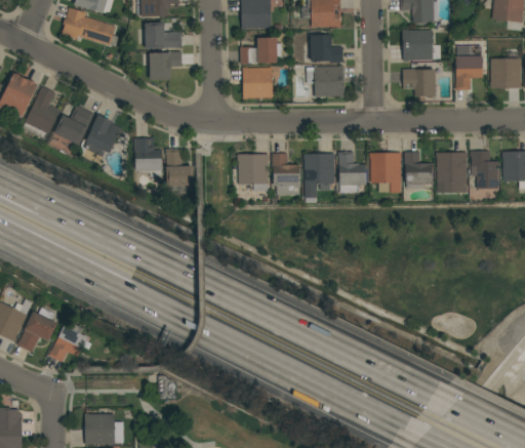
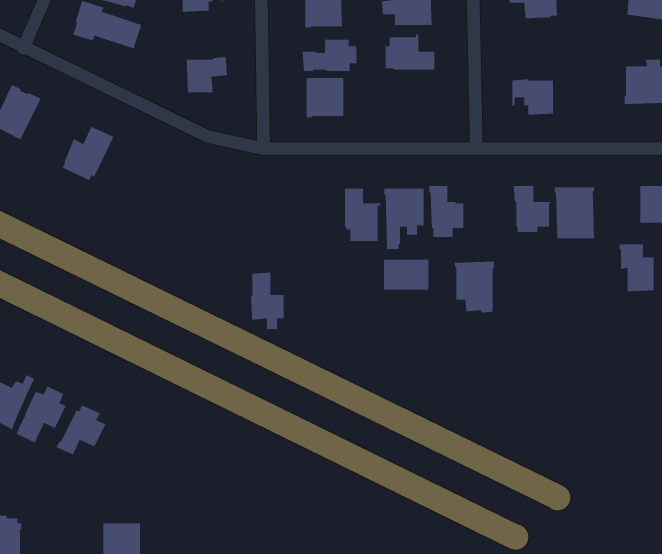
building: [140,22,183,48] -> none
building: [403,29,434,60] -> none
building: [455,45,483,89] -> none
building: [307,65,345,97] -> none
building: [23,86,60,138] -> none
building: [85,114,122,156] -> none
building: [134,137,162,176] -> none
building: [166,148,193,193] -> [250,272,285,330]
building: [471,151,498,189] -> [619,243,655,292]
building: [370,152,402,193] -> [454,261,495,314]
building: [238,154,270,191] -> none
building: none -> [383,259,429,290]

